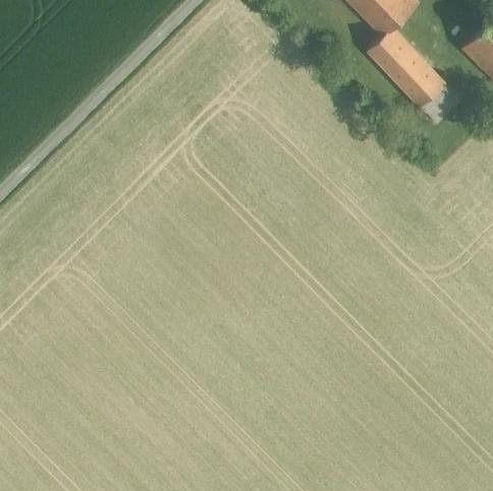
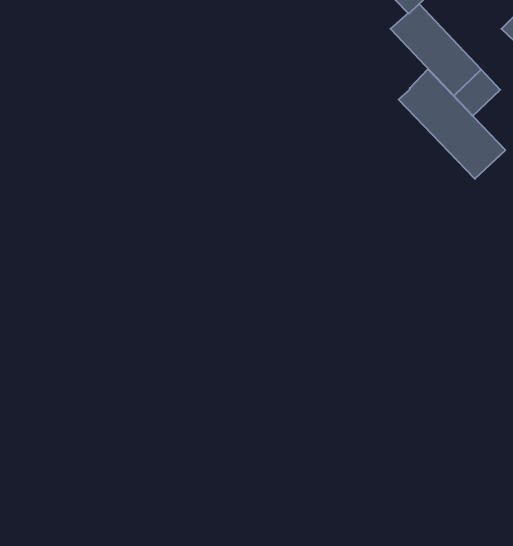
building: none -> [399,69,505,179]

